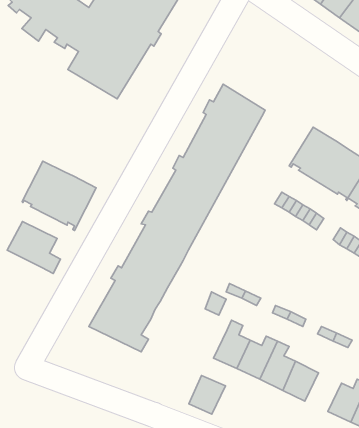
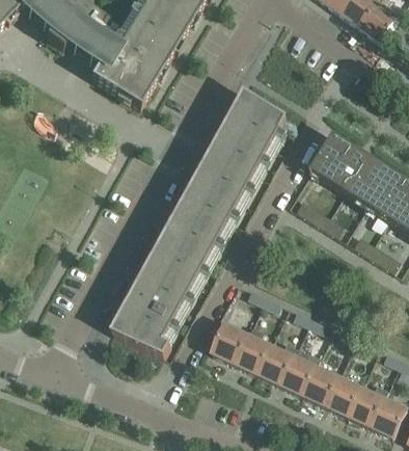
building: [22,161,96,230] -> none
building: [7,221,61,274] -> none
building: none -> [323,376,359,415]
building: [189,375,225,414] -> [210,323,246,362]

